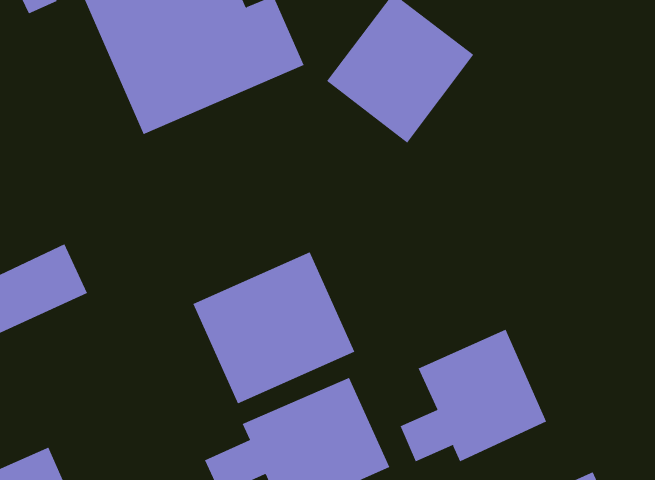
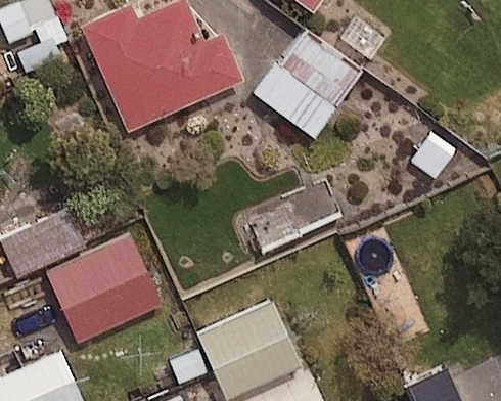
building: [192,252,355,404] -> [47,233,162,341]
building: [400,329,547,462] -> none

